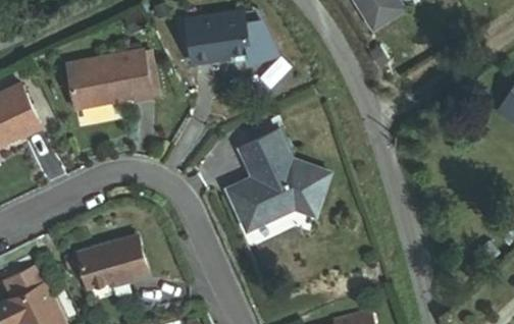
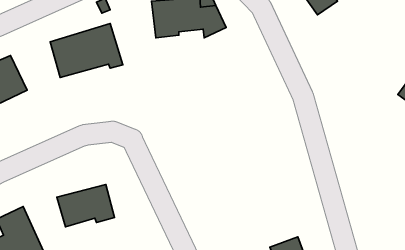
building: [221,134,322,231] -> none

